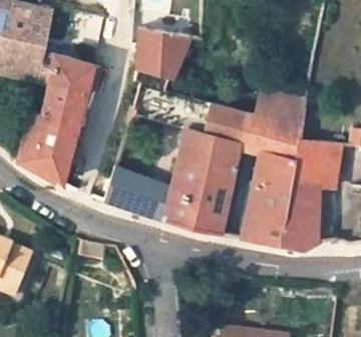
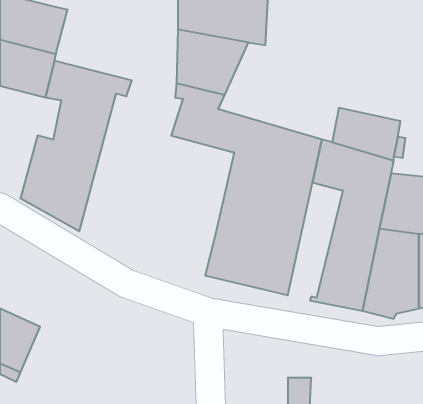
building: [104,163,166,217] -> none

